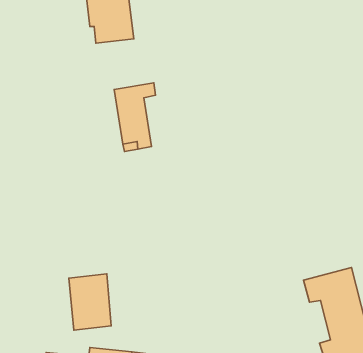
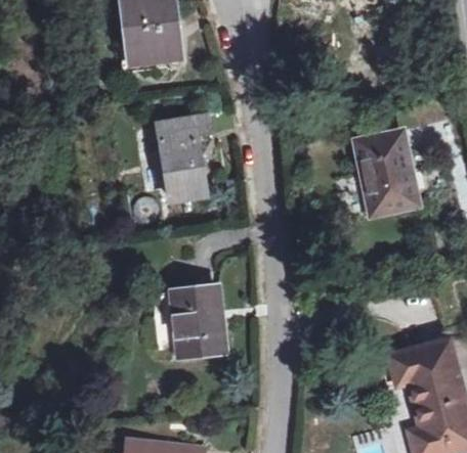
building: none -> [354,132,417,215]
building: [69,274,111,330] -> [172,287,223,356]

